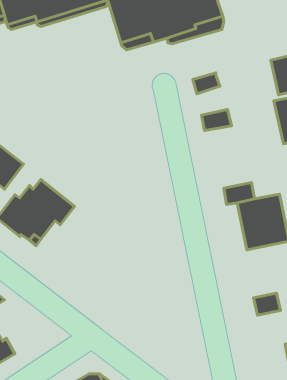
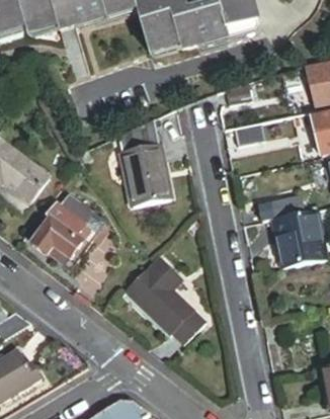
building: none -> [122,115,176,204]
building: none -> [126,256,205,345]

